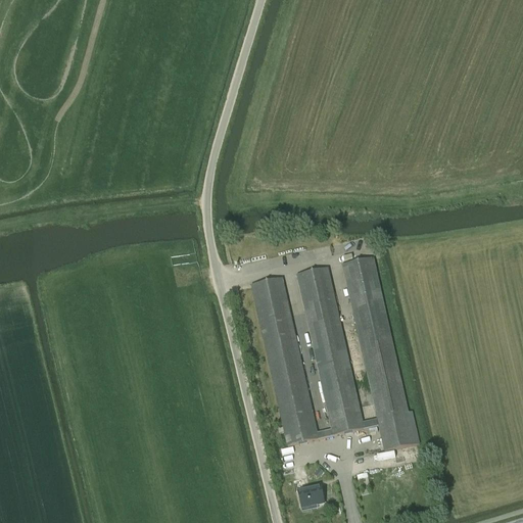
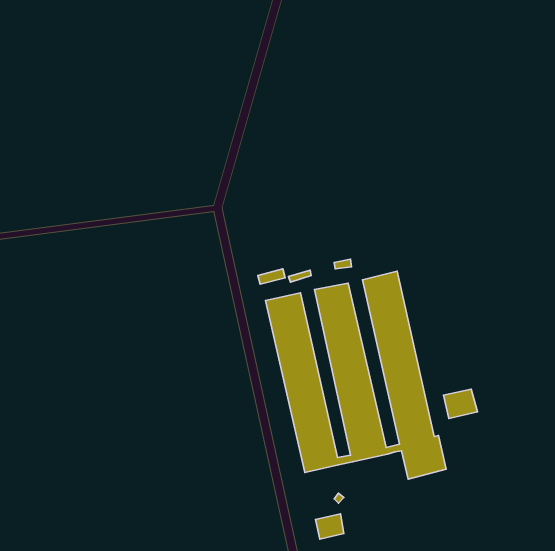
building: none -> [444,389,477,418]

